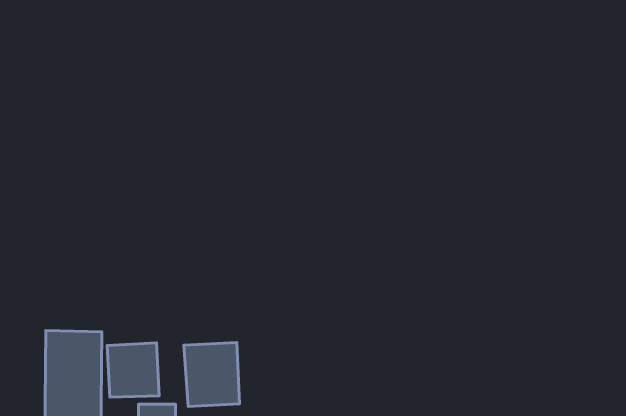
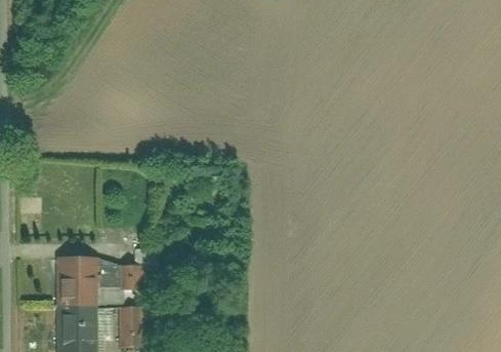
building: [184,343,240,406] -> none

